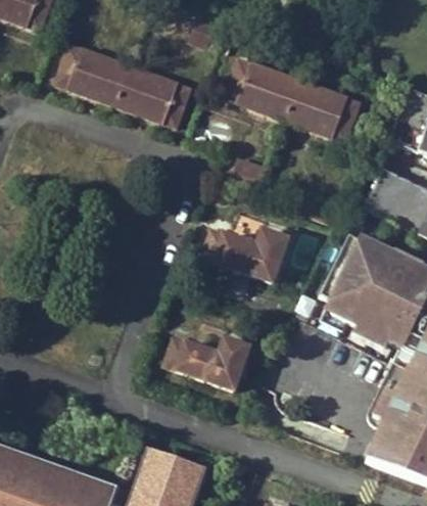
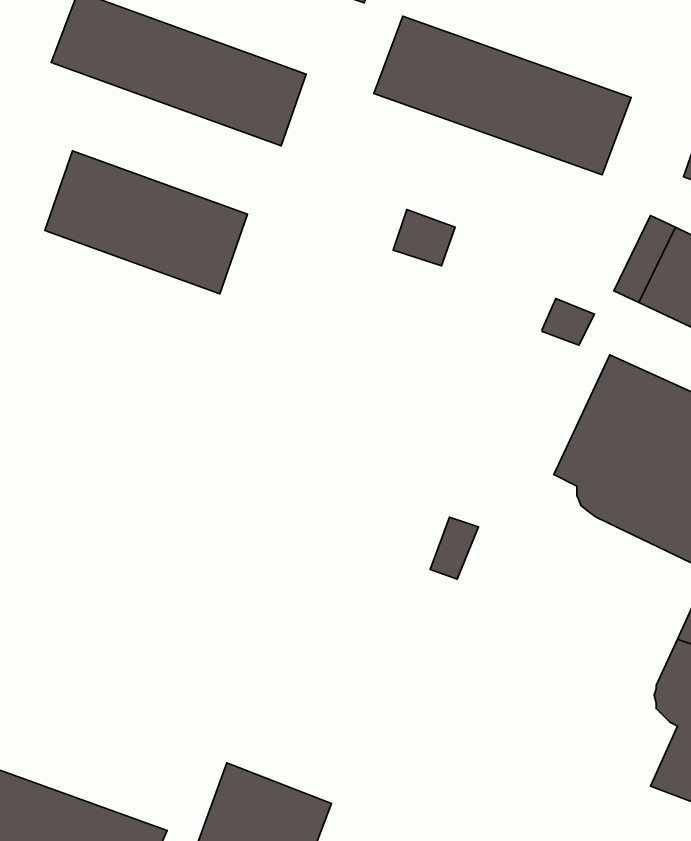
building: none -> [45,151,247,294]
building: [204,229,288,282] -> none
building: [164,337,249,390] -> none

